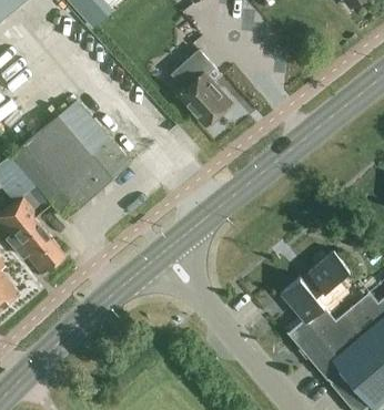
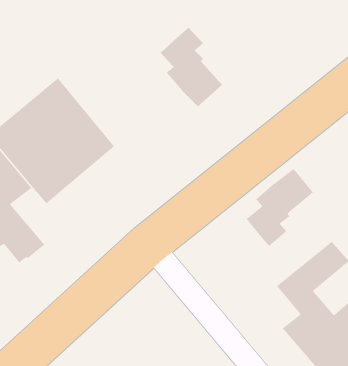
building: none -> [246,168,314,247]

